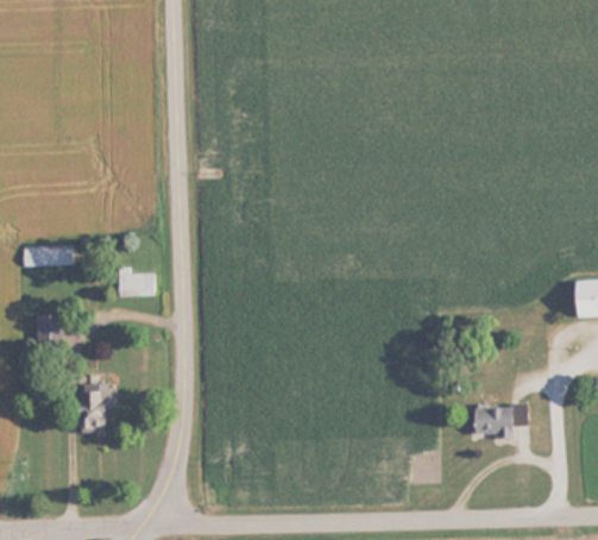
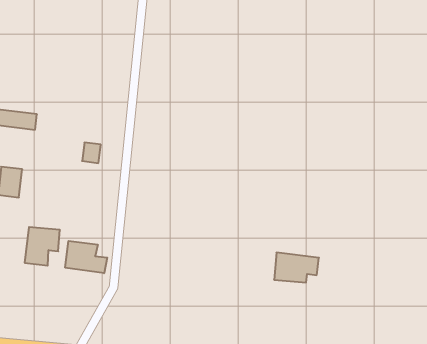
building: none -> [65,241,107,273]
building: [476,404,528,438] -> [274,253,319,283]

